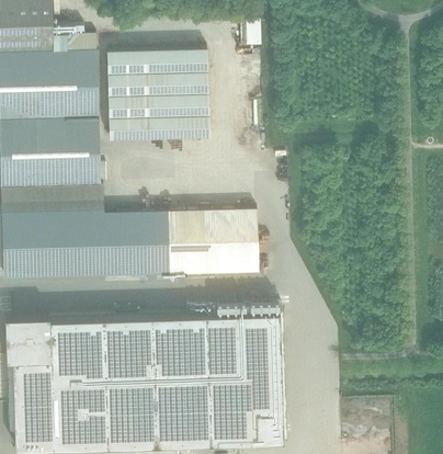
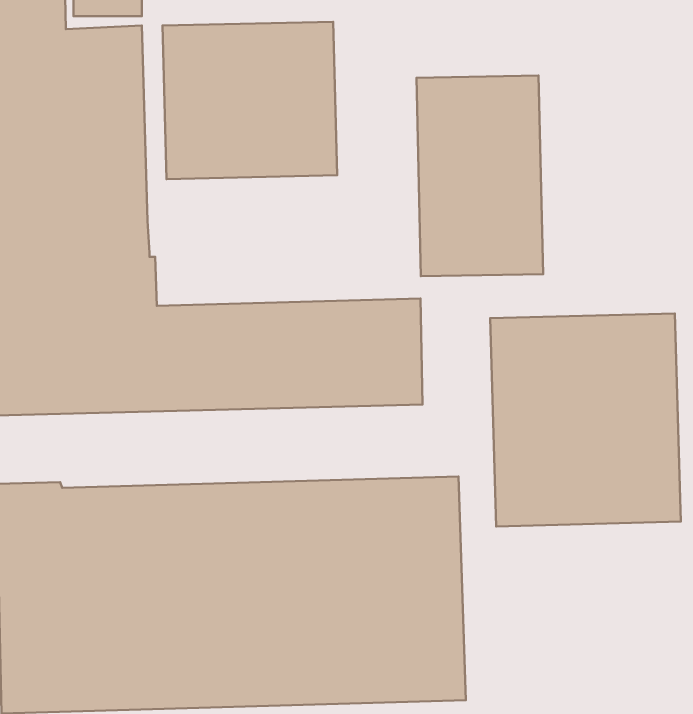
building: none -> [416,76,543,276]
building: none -> [490,313,681,526]

